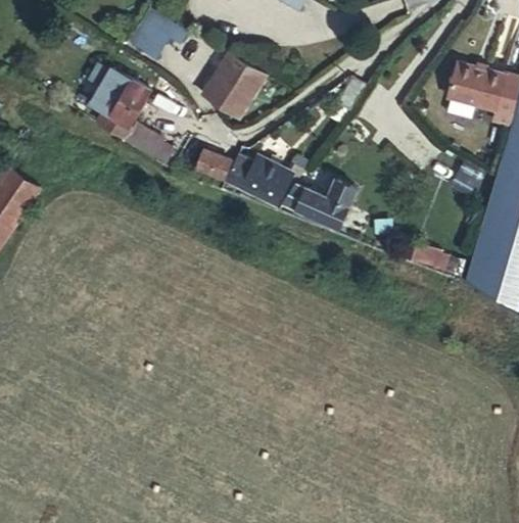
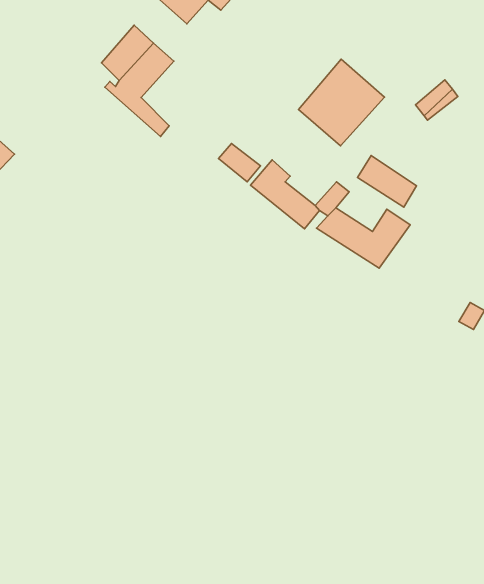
building: [201,53,267,121] -> [298,59,385,146]
building: none -> [357,156,416,207]

